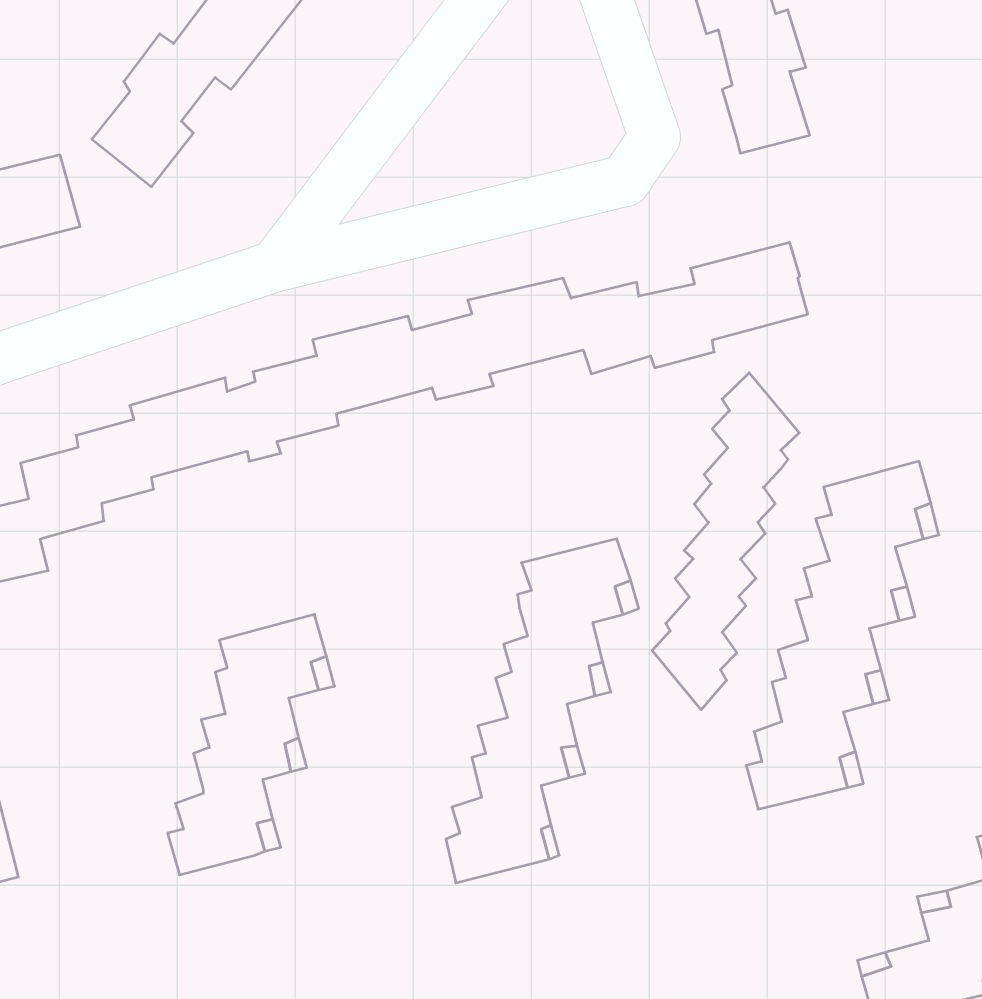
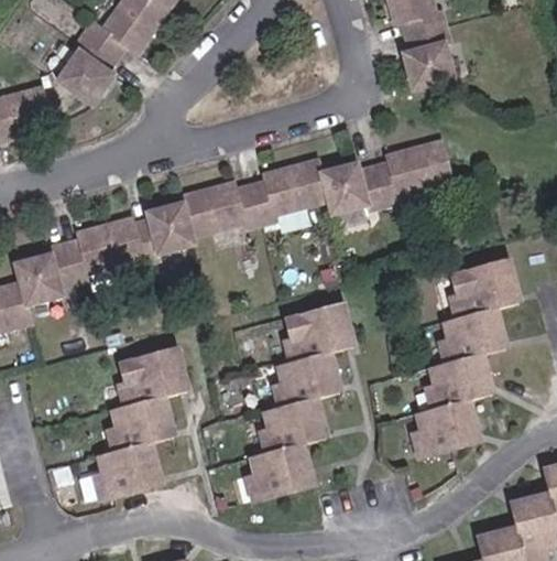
building: [652,373,799,710] -> none

